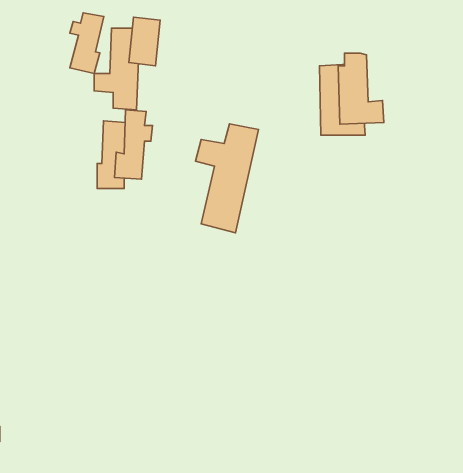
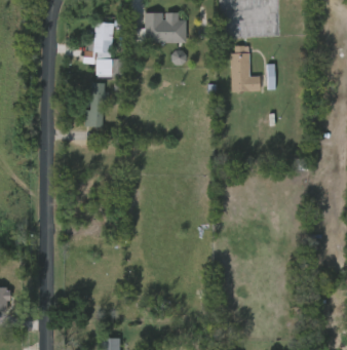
building: [70,13,104,74] -> none
building: none -> [141,15,183,45]
building: [195,124,258,233] -> none

